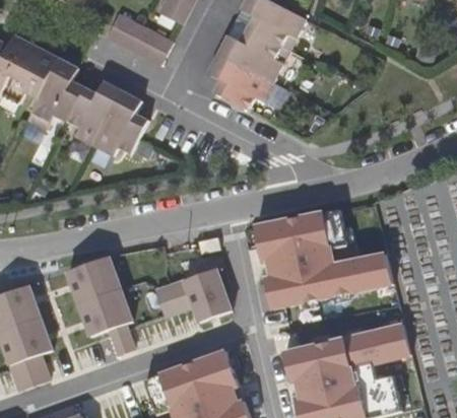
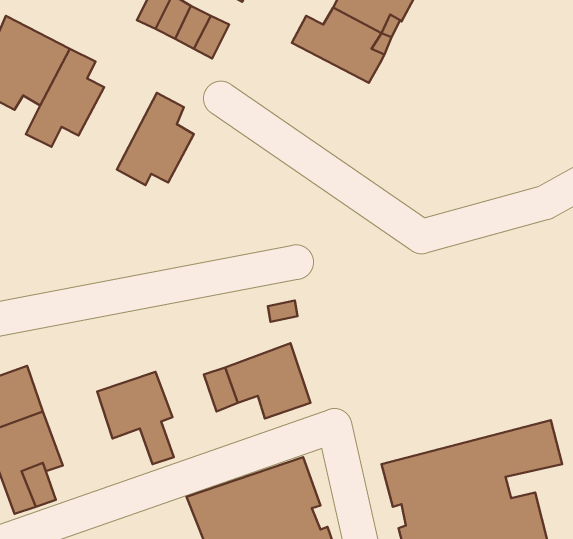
building: [207,54,272,111] -> none
building: [65,80,121,144] -> none
building: [254,209,393,308] -> none
building: [66,256,120,302] -> none

